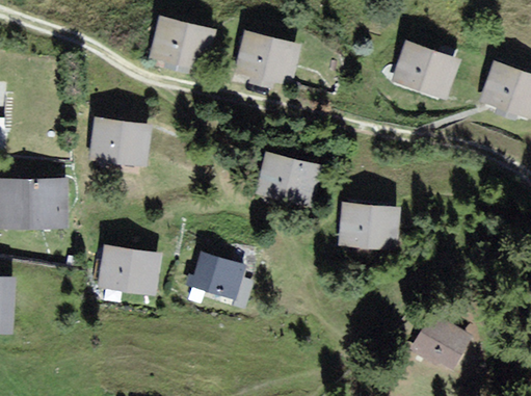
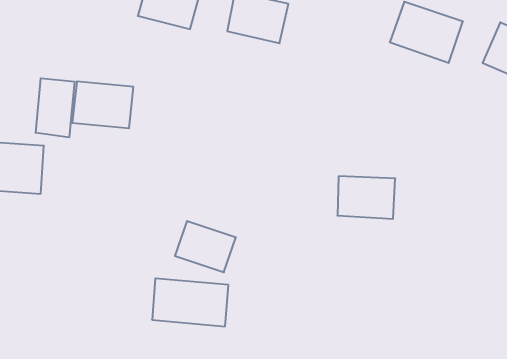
building: none -> [36,78,74,137]
building: [257,152,324,208] -> none
building: [95,246,167,292] -> [152,278,228,326]
building: [411,316,469,369] -> none

